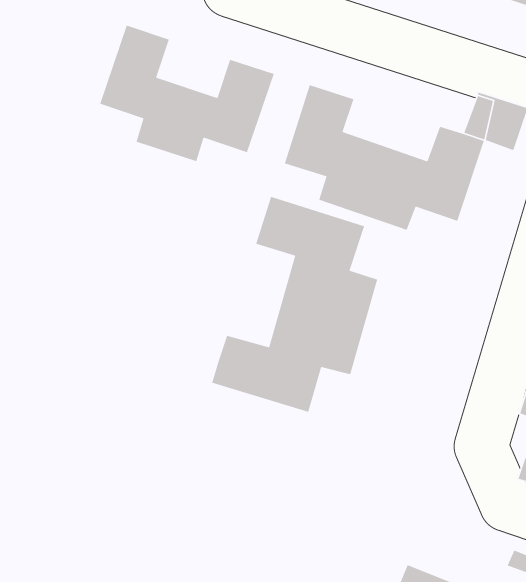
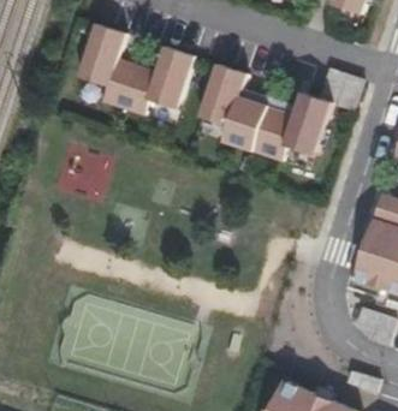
building: [211,196,378,413] -> none

